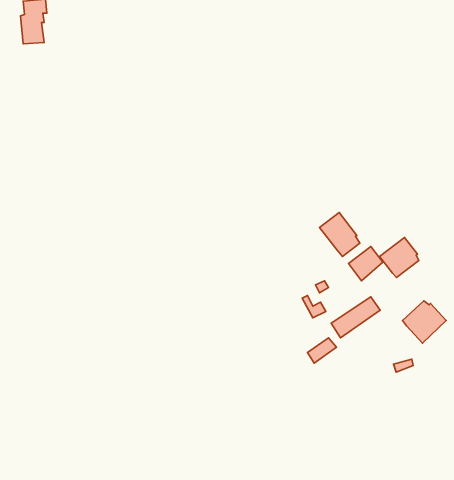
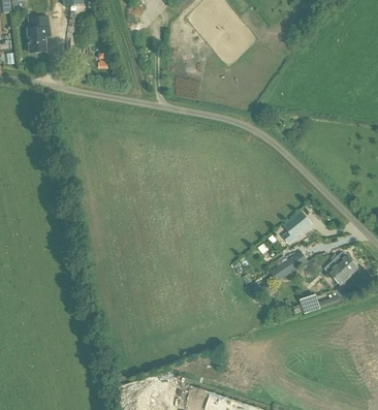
building: [320,213,360,256] -> none
building: [379,237,419,278] -> none

